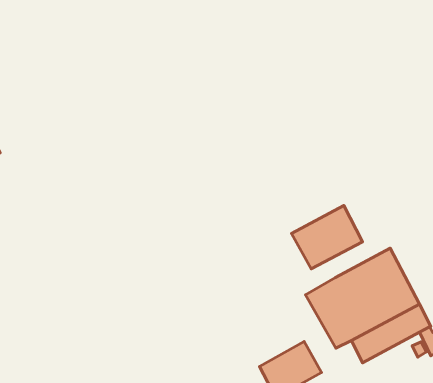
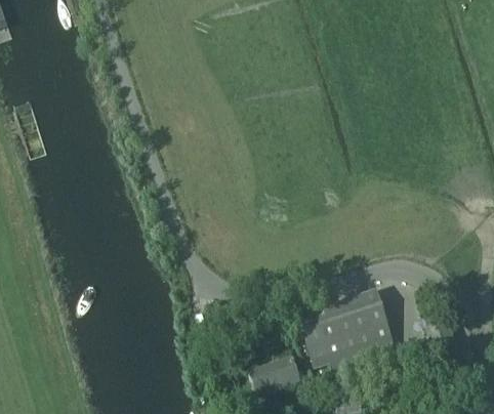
building: [291,205,363,269] -> none

